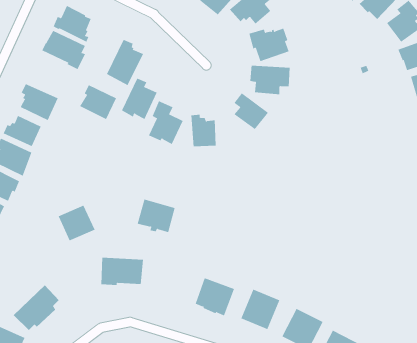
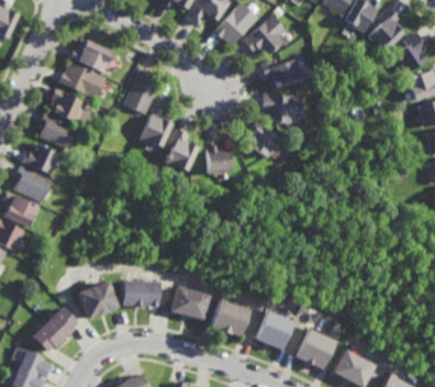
building: [79,85,117,120] -> [49,88,86,122]
building: [137,199,176,233] -> [170,287,208,320]
building: [58,205,95,241] -> [80,283,116,318]

